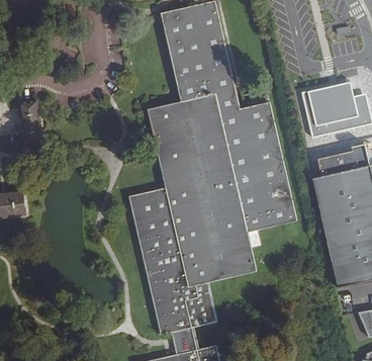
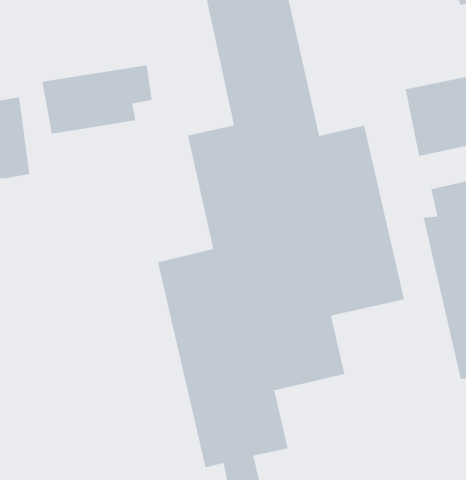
building: none -> [42,65,152,134]

